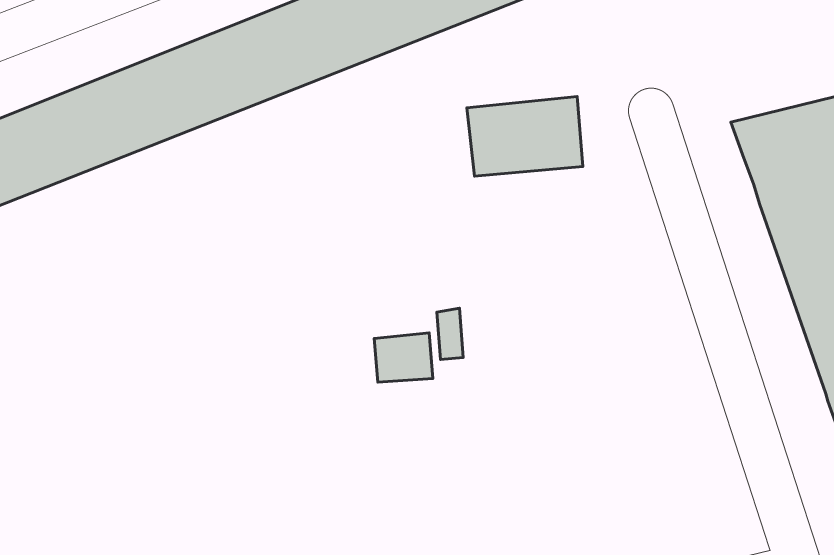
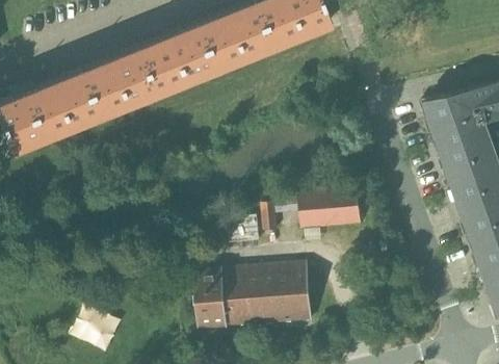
building: [467,96,583,176] -> [299,185,363,229]
building: none -> [196,263,311,329]

